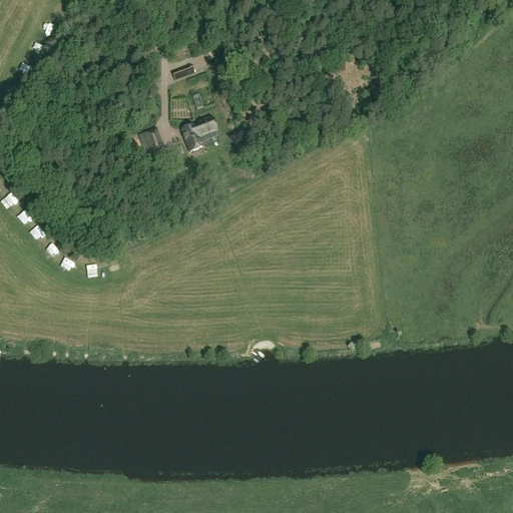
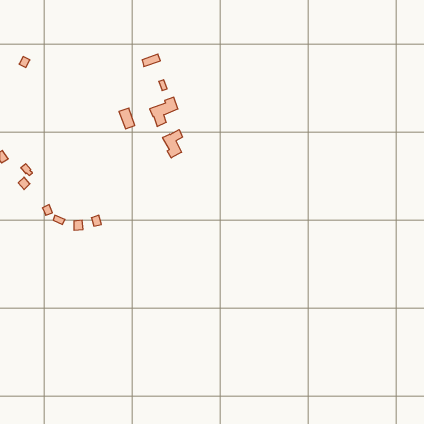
building: none -> [163,130,182,158]

